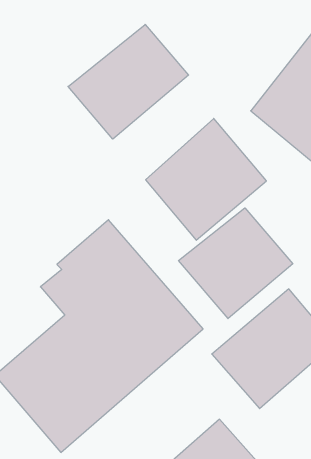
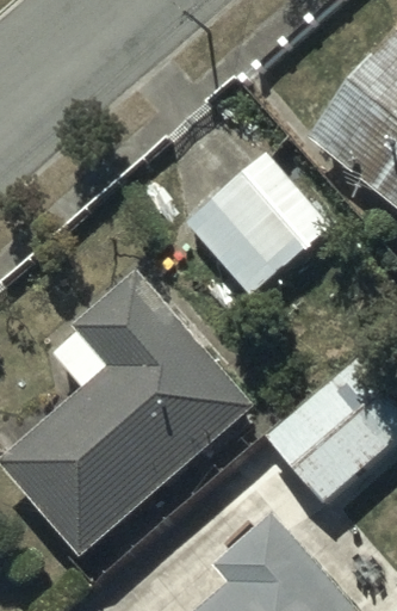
building: [68,24,189,139] -> none
building: [179,208,293,319] -> none

